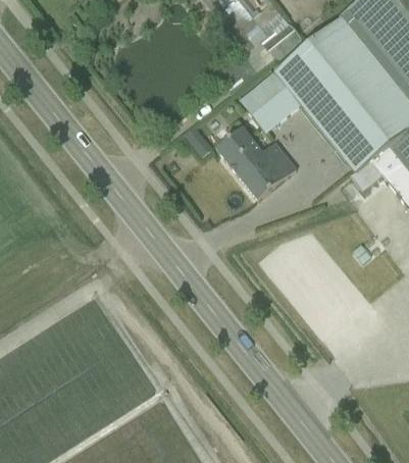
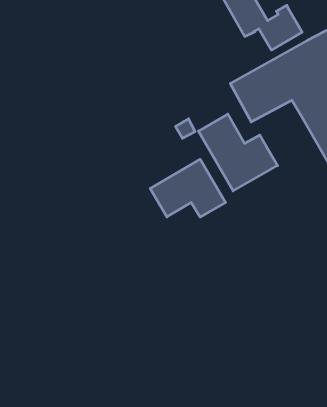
building: none -> [150,159,226,217]

